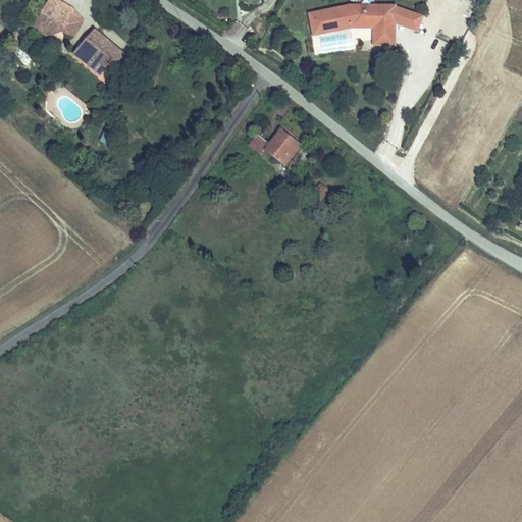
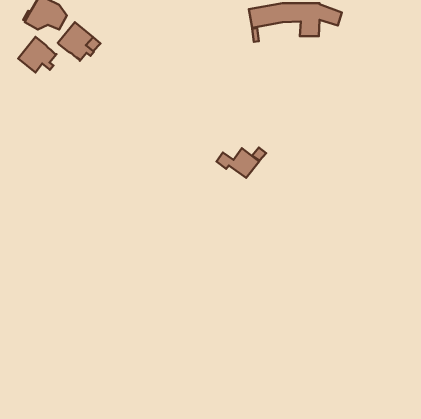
building: none -> [18,37,56,72]
building: [248,128,301,165] -> [216,148,259,178]

